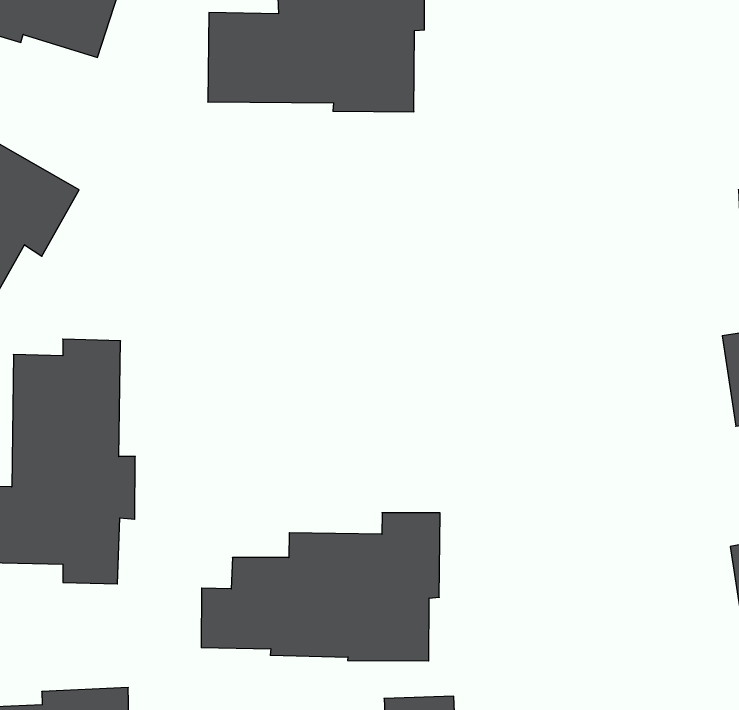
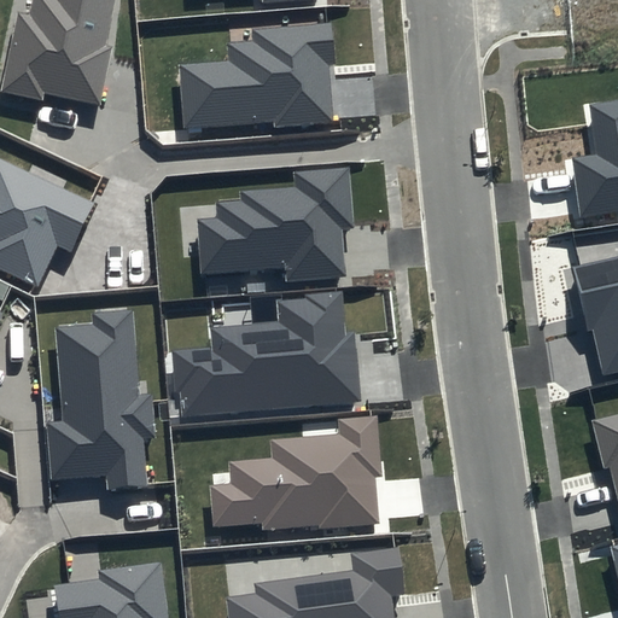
building: none -> [197,167,354,280]
building: none -> [171,290,360,415]

